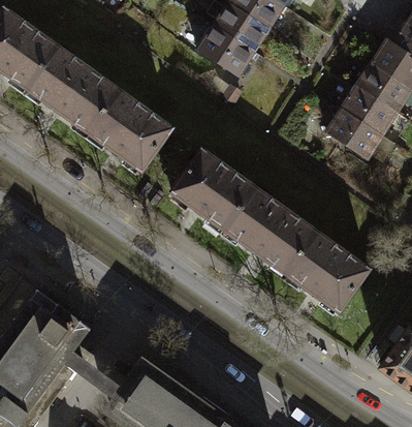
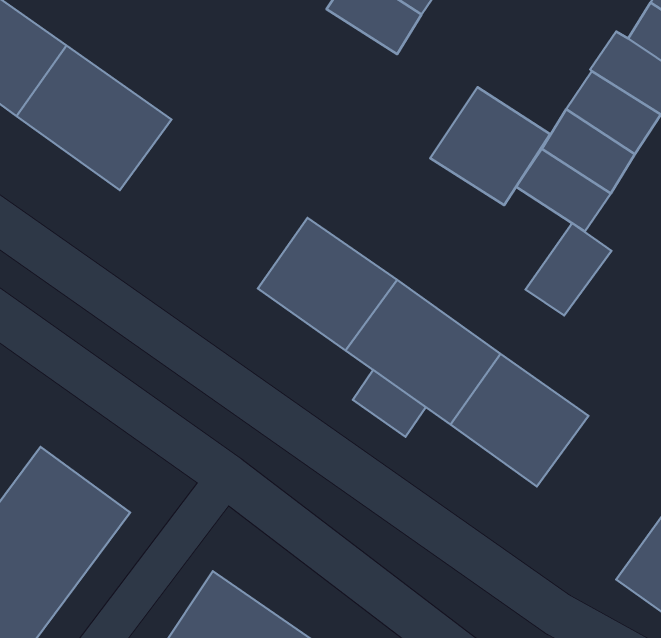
building: [196,26,253,75] -> none
building: none -> [430,87,550,205]
building: [87,92,169,172] -> none
building: none -> [525,223,612,316]
building: none -> [353,370,426,437]

